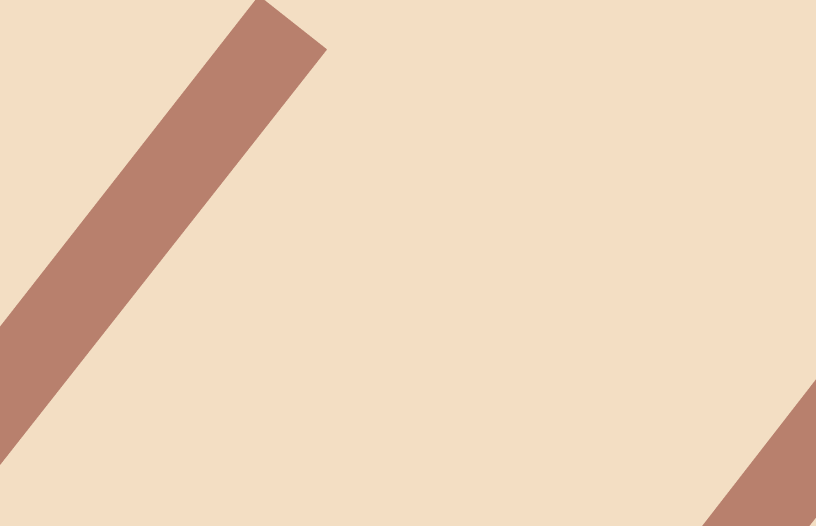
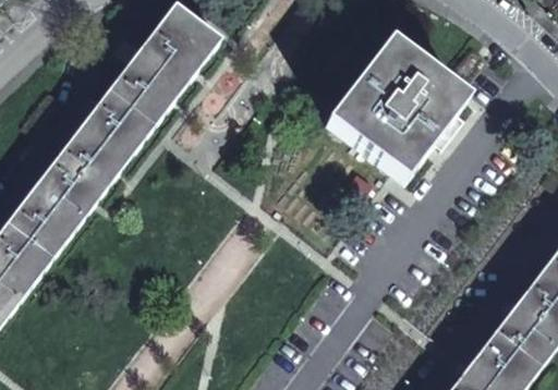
building: none -> [329,41,470,182]

